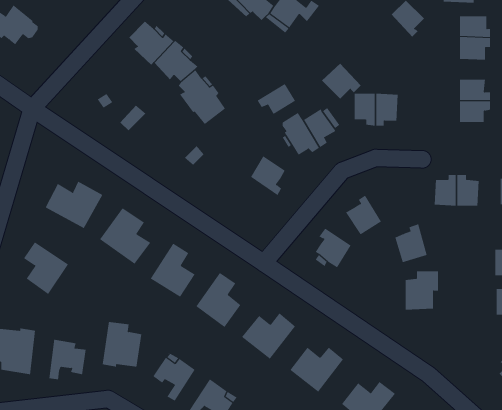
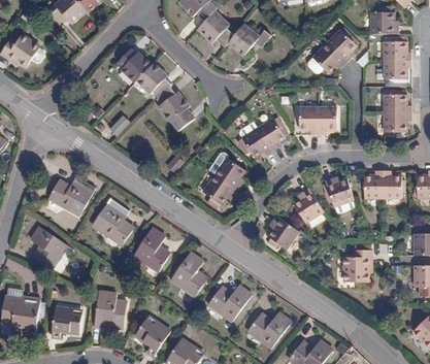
building: [321,63,362,100] -> [313,41,346,71]
building: [257,83,296,115] -> none
building: none -> [202,173,237,203]
building: [395,223,428,263] -> [325,172,352,204]

